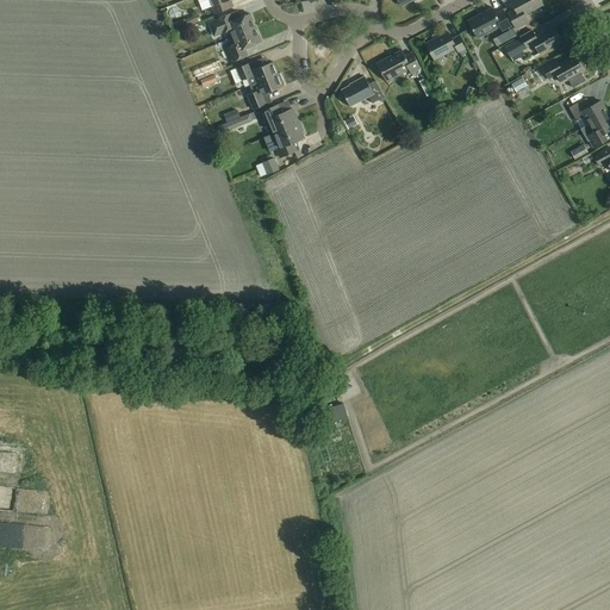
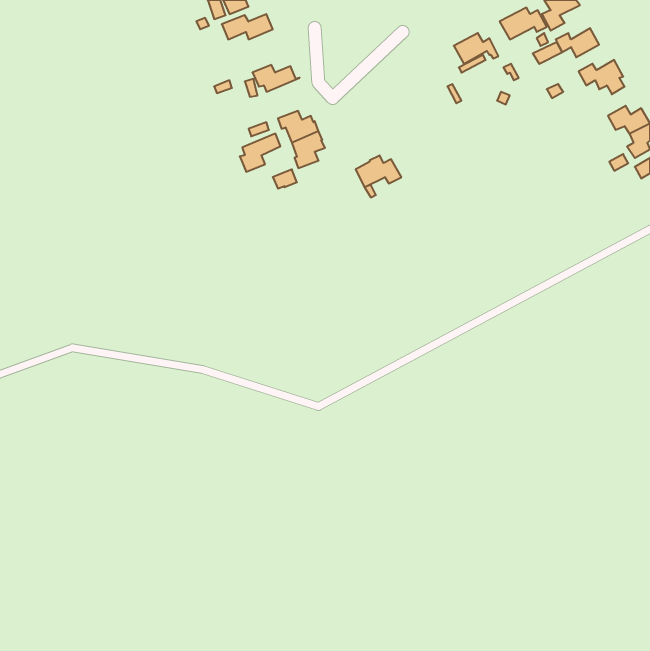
building: [226,27,261,61] -> none
building: [376,49,419,80] -> none
building: [247,73,285,108] -> [240,134,280,172]
building: [341,76,384,106] -> [356,155,401,187]

